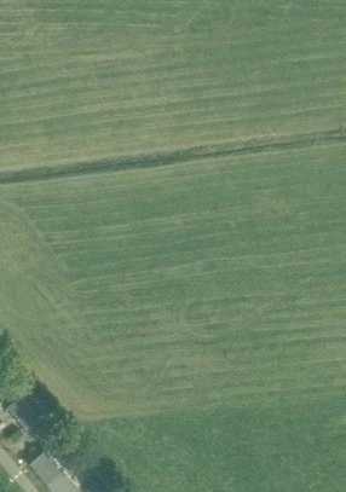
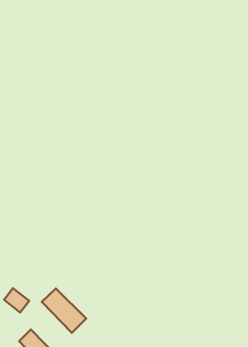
building: none -> [42,289,86,333]

